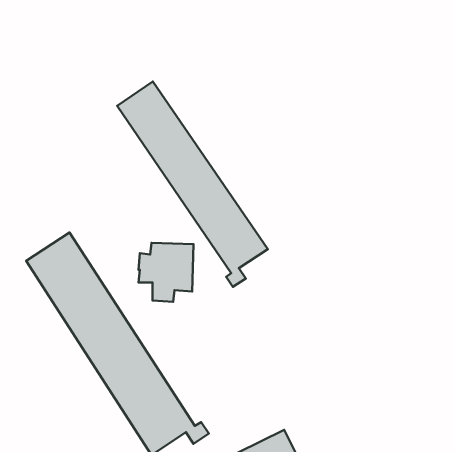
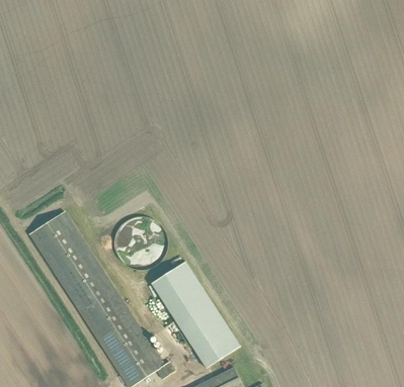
building: [117,81,268,287] -> none
building: none -> [151,261,240,368]

